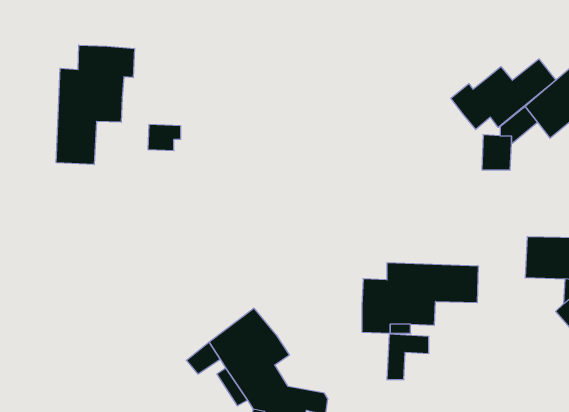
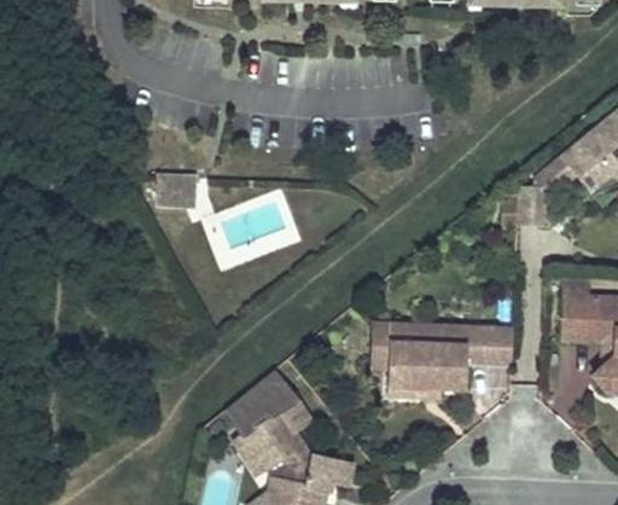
building: [56,45,134,165] -> none
building: [451,59,556,130] -> none
building: [387,334,429,380] -> [369,321,414,370]

